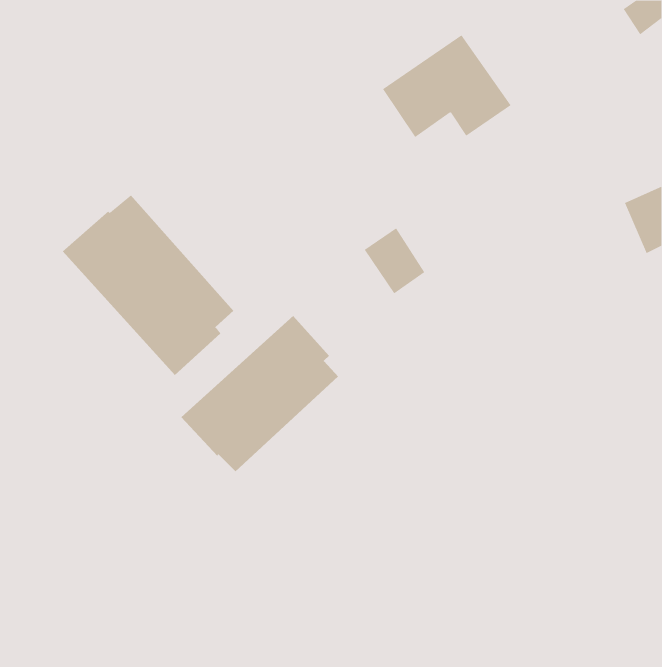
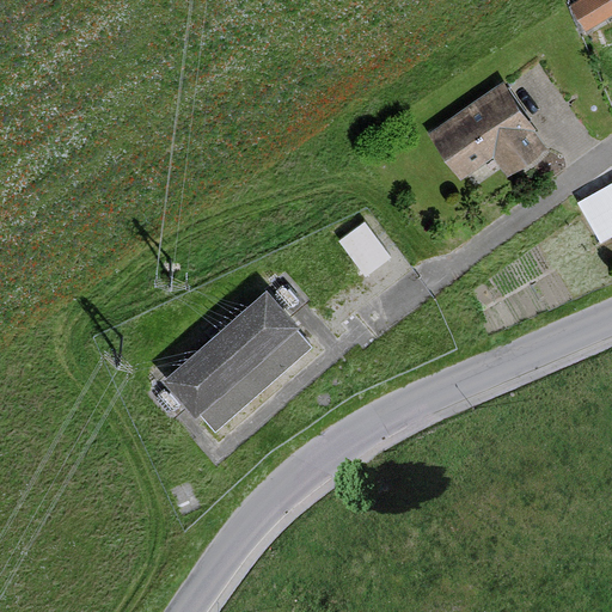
building: [382,34,512,138] -> [429,85,547,179]
building: [62,195,234,376] -> none

